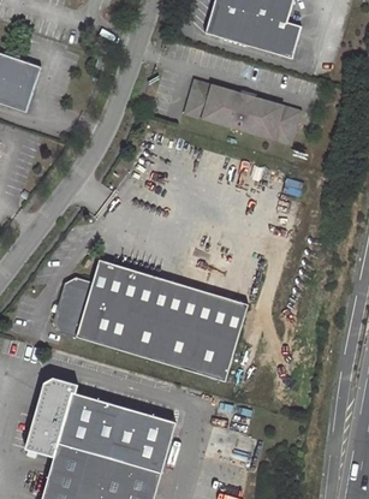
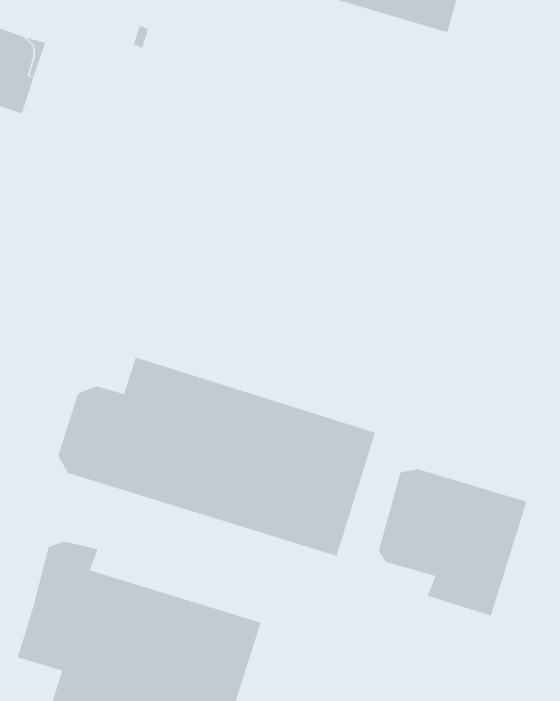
building: [184,77,300,142] -> none
building: none -> [378,468,527,617]

